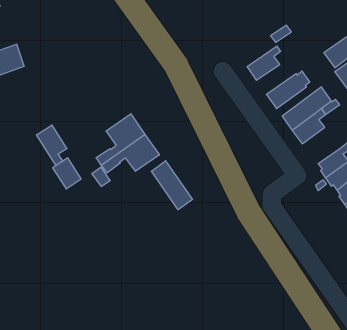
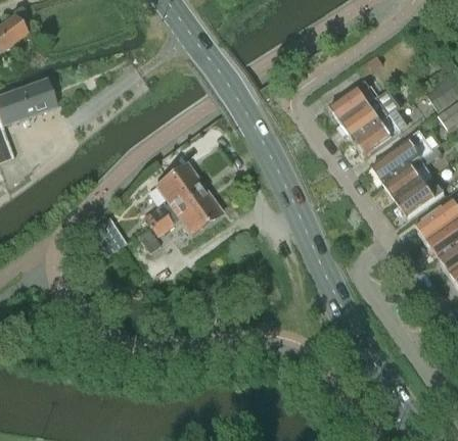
building: none -> [340,96,390,139]
building: [36,125,67,166] -> none
building: none -> [397,179,445,216]
building: [151,161,192,210] -> none

